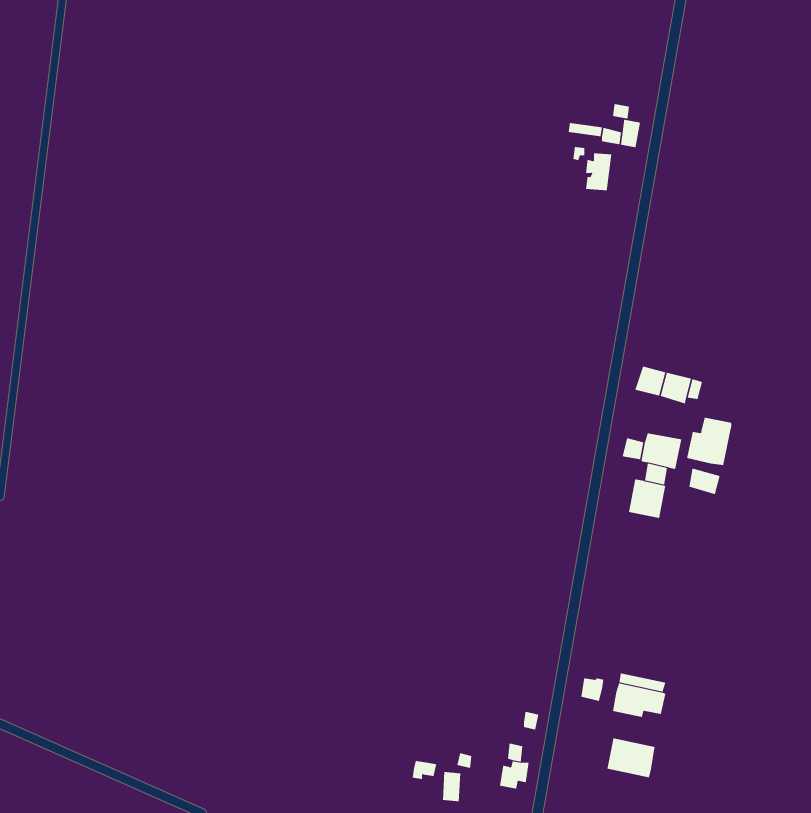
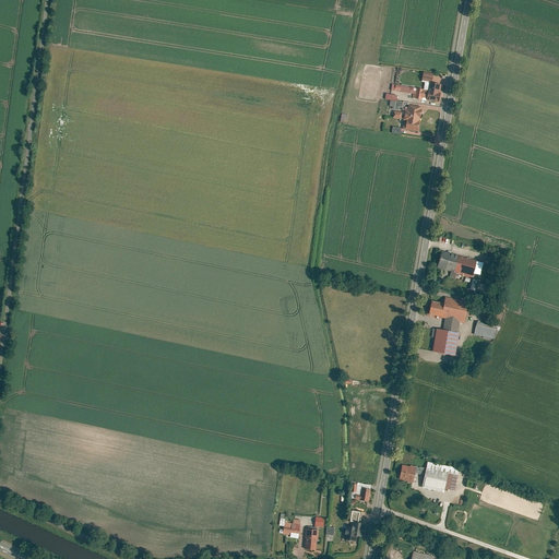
building: [686,417,732,466] -> none
building: [607,737,656,778] -> none

